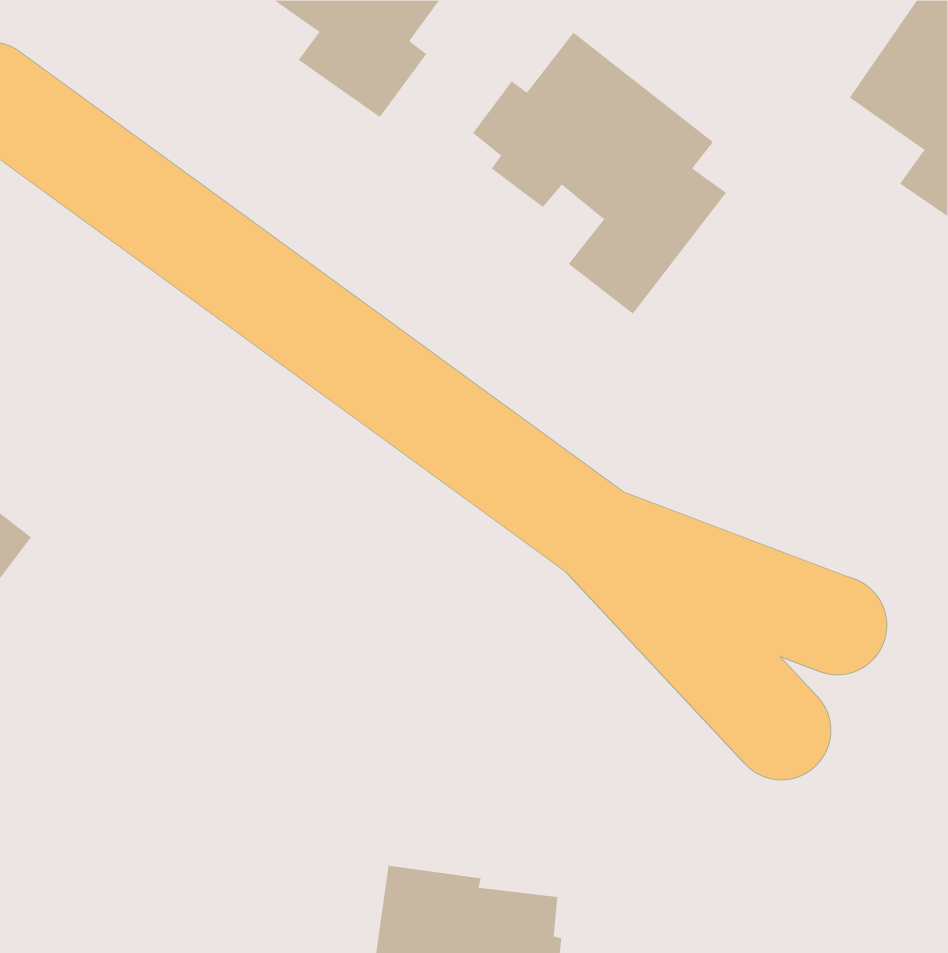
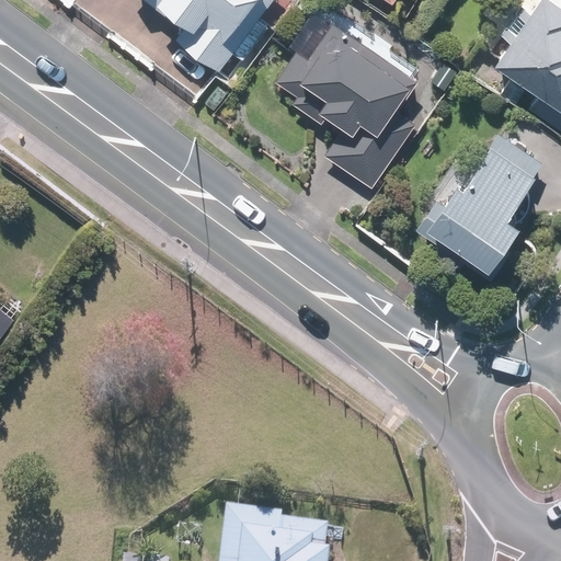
building: none -> [420,131,546,277]

